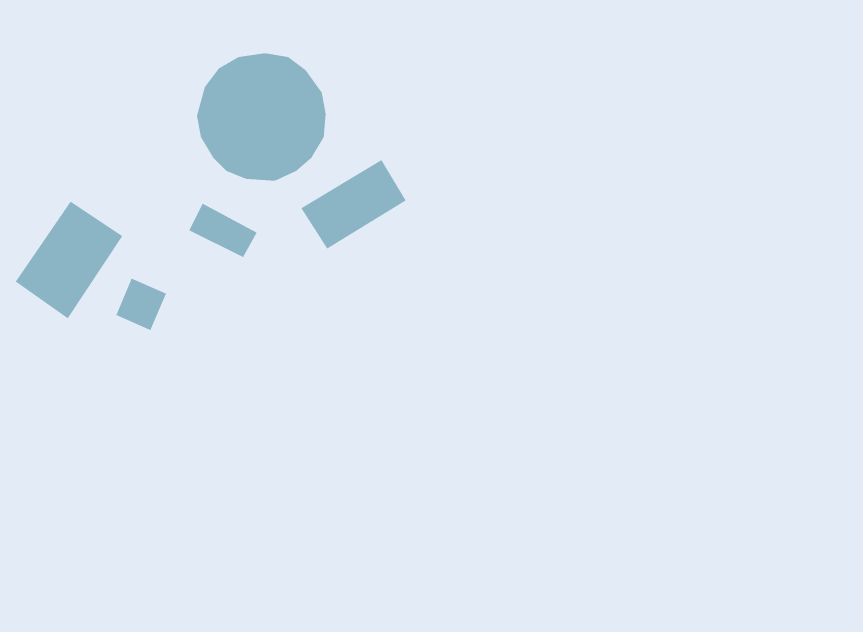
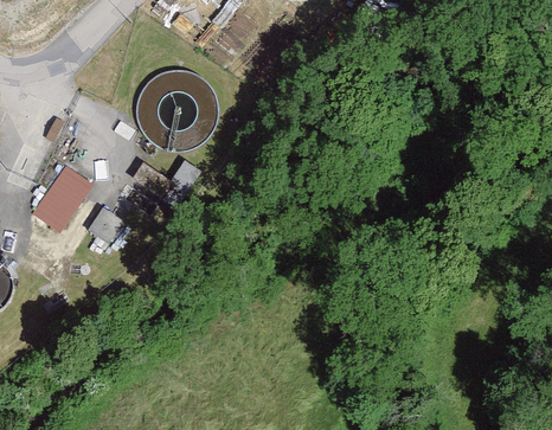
building: [300,159,407,249] -> none

